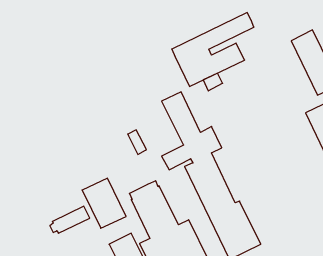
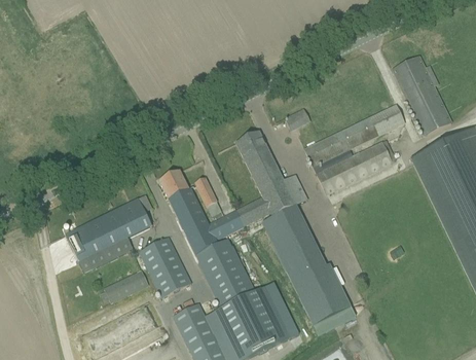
building: [172,13,254,86] -> [304,104,404,193]
building: none -> [159,171,245,254]
building: none -> [67,194,155,271]

